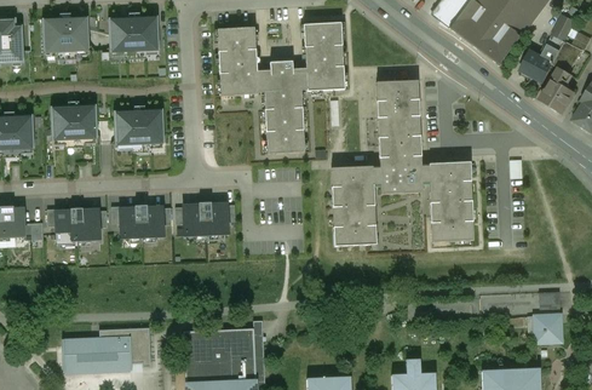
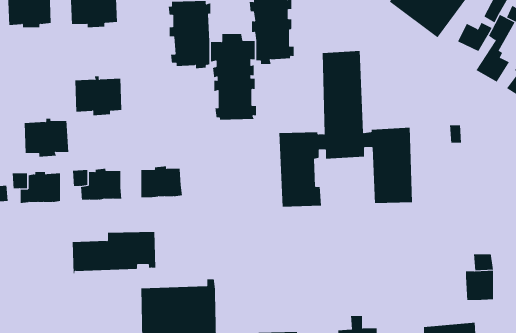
building: [51,102,99,143] -> [24,118,69,157]
building: [62,327,151,372] -> [72,232,156,274]

